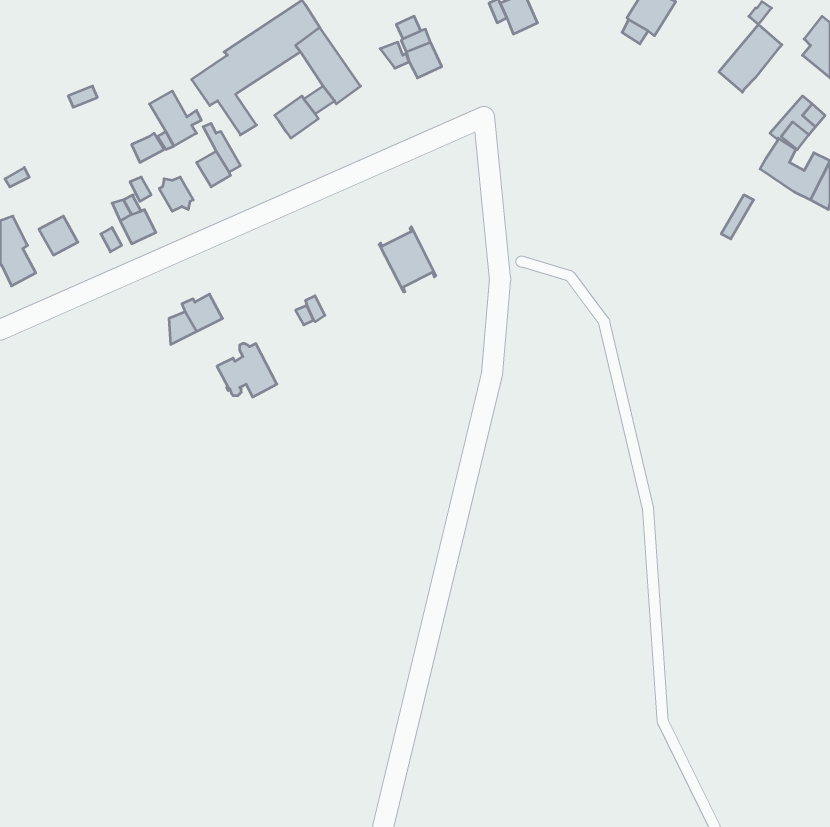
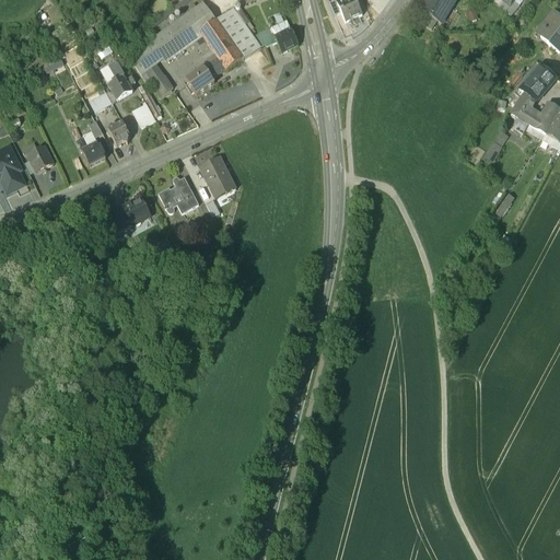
building: none -> [215,7,260,58]
building: [719,24,782,92] -> none
building: [379,227,436,292] -> [198,154,236,198]
building: [217,344,277,397] -> [158,176,198,212]

